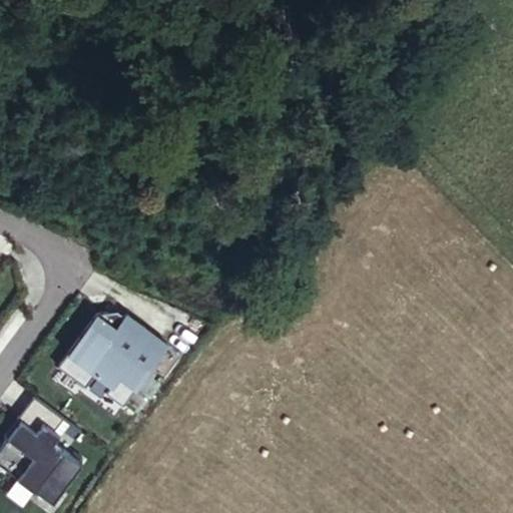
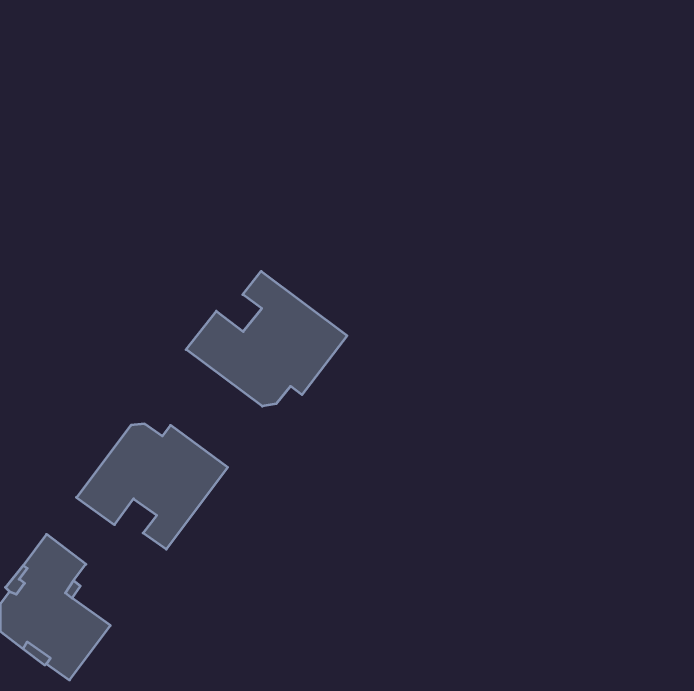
building: none -> [186,271,347,406]

